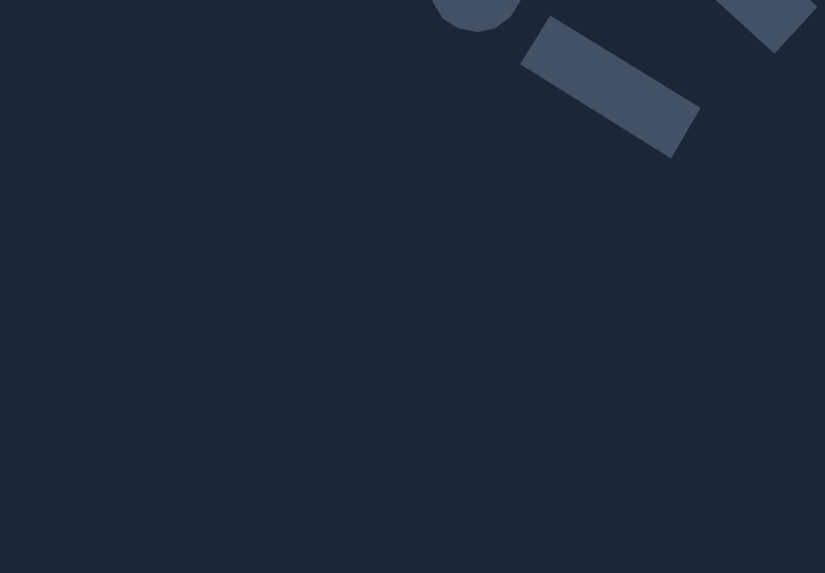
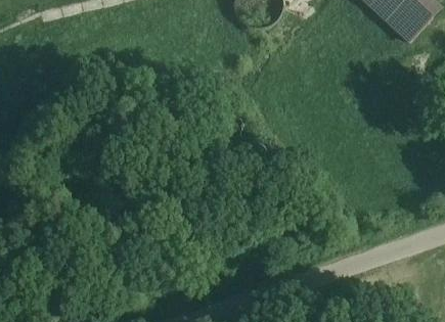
building: [519,14,702,159] -> none

